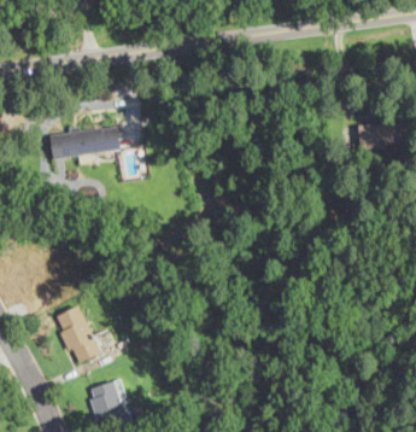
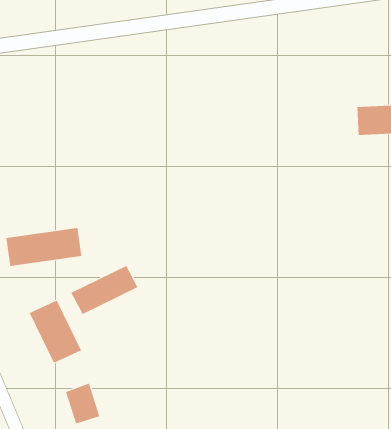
building: [48,123,119,159] -> [6,228,82,266]
building: none -> [71,265,138,315]

